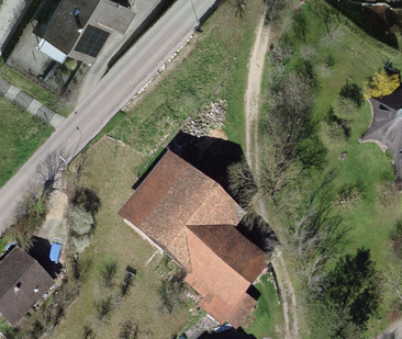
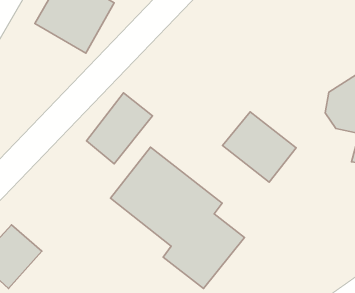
building: none -> [86,93,152,164]
building: none -> [223,112,296,182]

